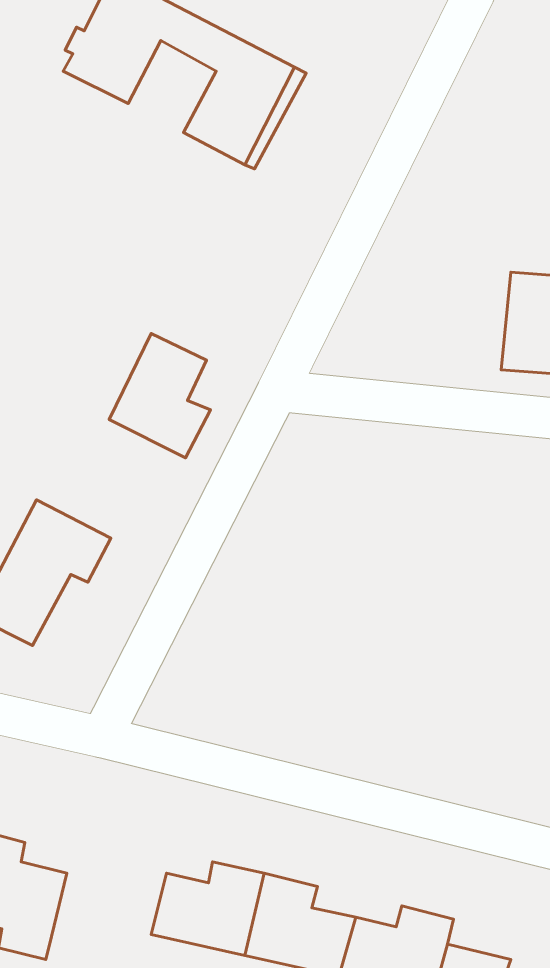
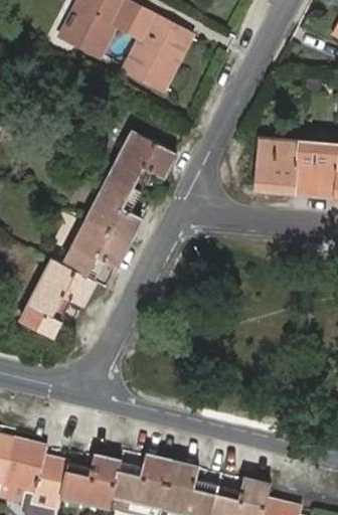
building: none -> [111,132,176,191]
building: none -> [254,142,300,196]
building: none -> [62,222,129,286]
building: none -> [58,455,119,506]

